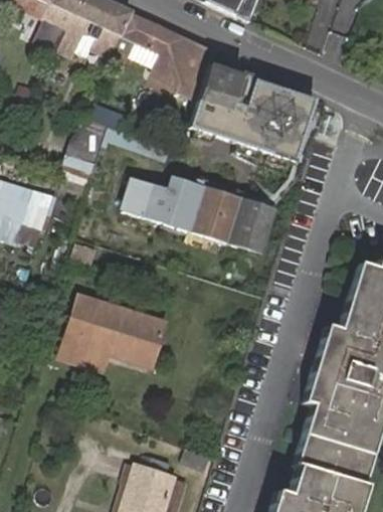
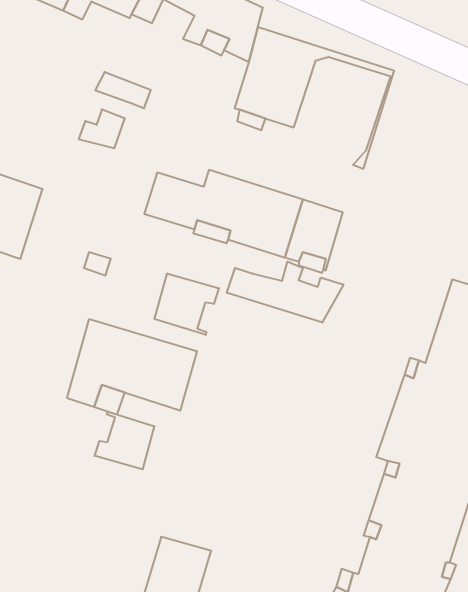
building: [237,89,316,173] -> none
building: none -> [227,262,343,323]
building: none -> [155,273,219,335]
building: none -> [95,411,154,469]

